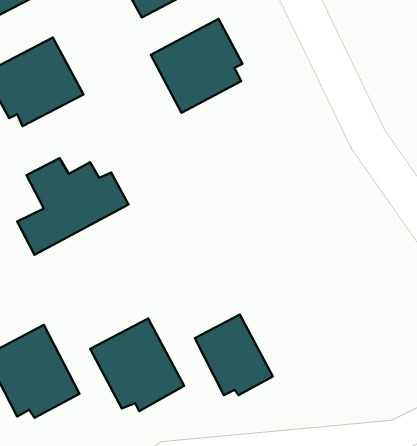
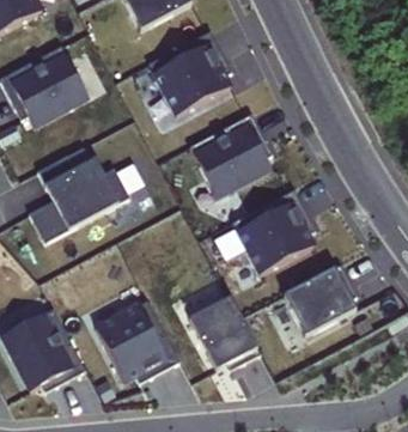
building: none -> [188,114,272,199]
building: none -> [231,189,315,274]
building: none -> [282,264,355,336]

